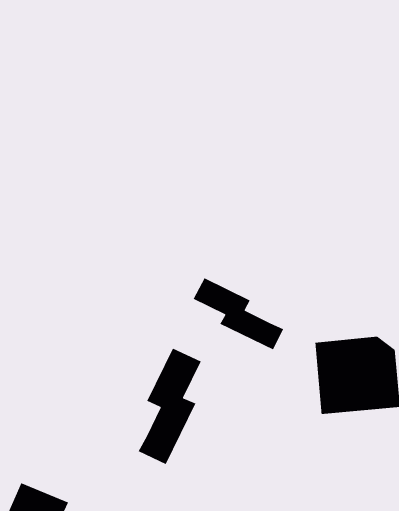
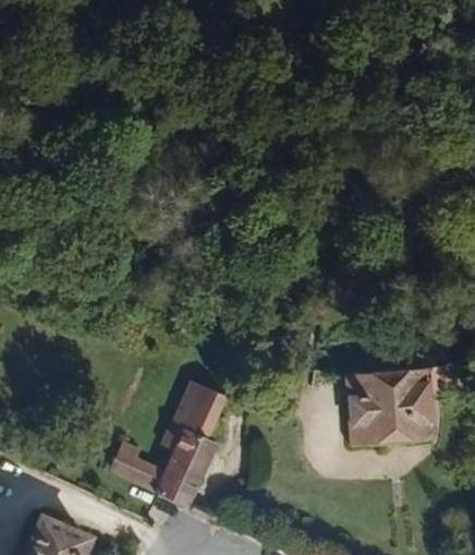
building: [193,277,284,350] -> none
building: none -> [117,442,169,486]

